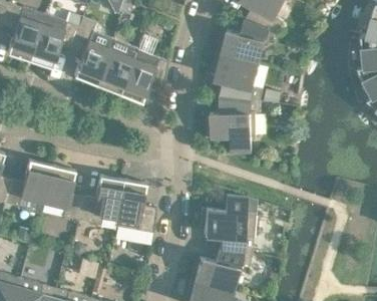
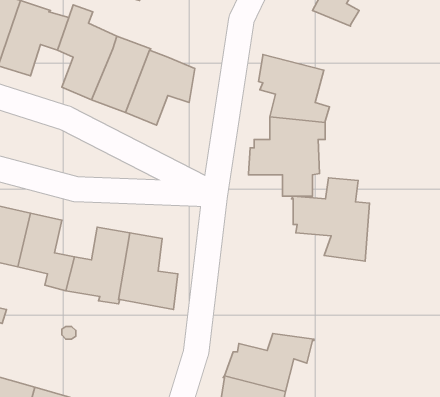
building: [216,21,278,63] -> none
building: [200,195,255,254] -> [292,178,370,261]

